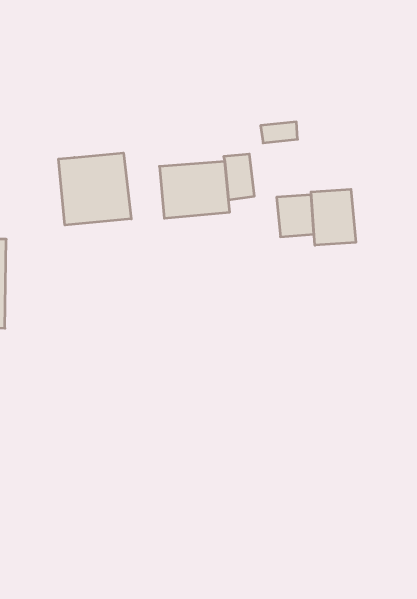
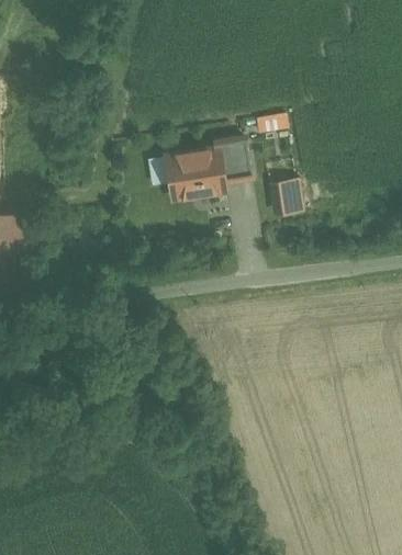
building: [59,153,131,225] -> none
building: [311,189,356,245] -> none

